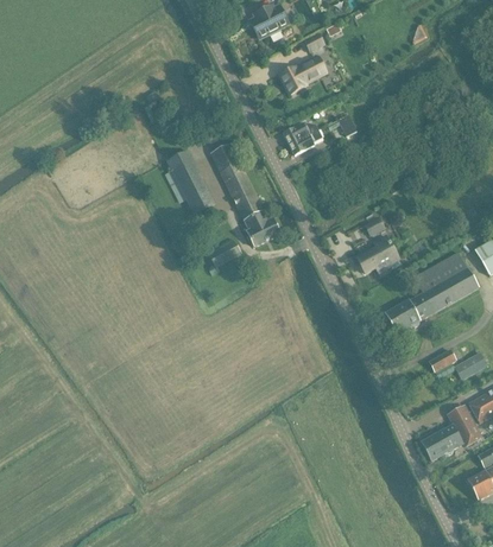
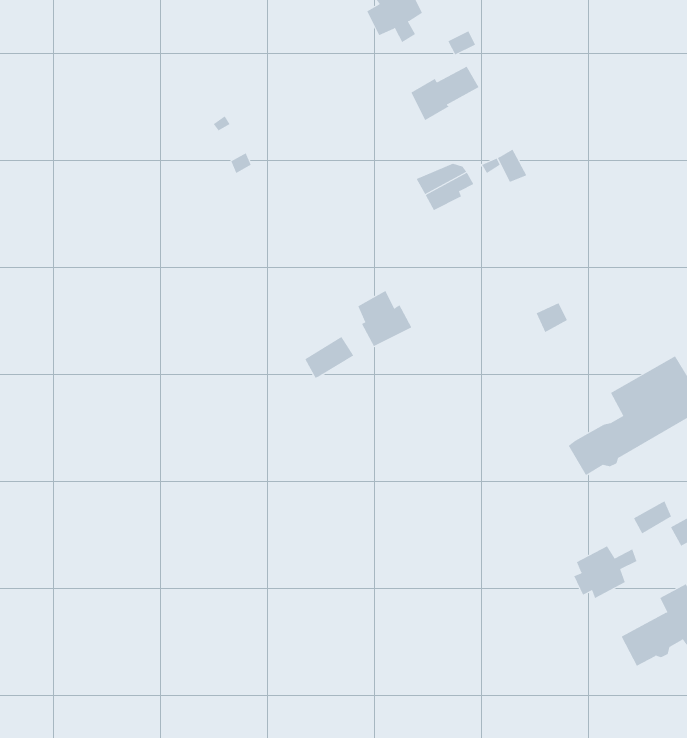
building: [210,144,263,220] -> none
building: [166,151,215,215] -> none
building: [358,236,400,274] -> none
building: none -> [574,545,637,599]

